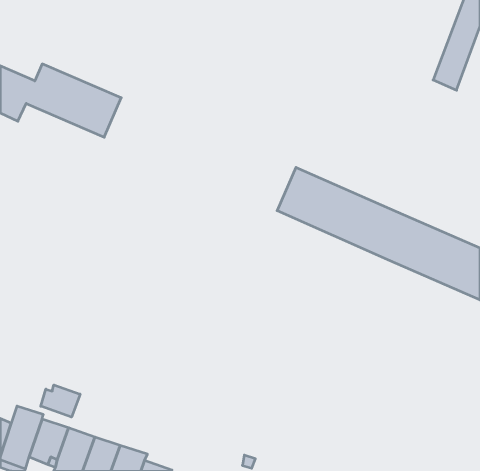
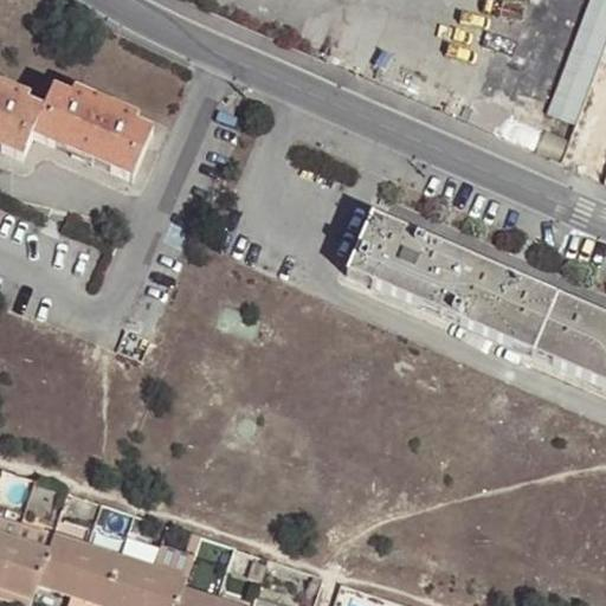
building: [41,385,80,417] -> none

